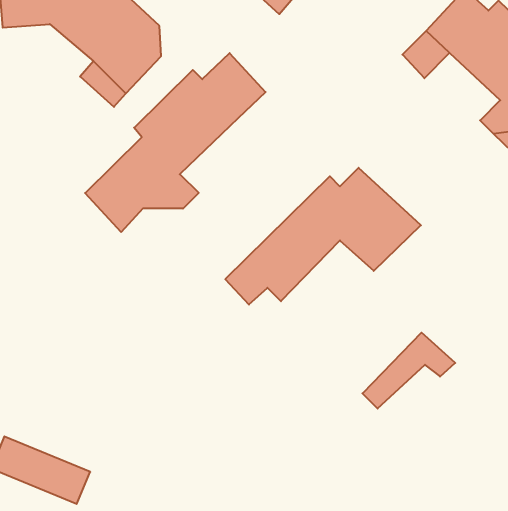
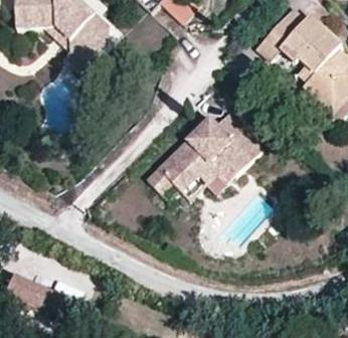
building: [85,53,266,232] -> none
building: [362,333,455,409] -> [180,156,235,201]

